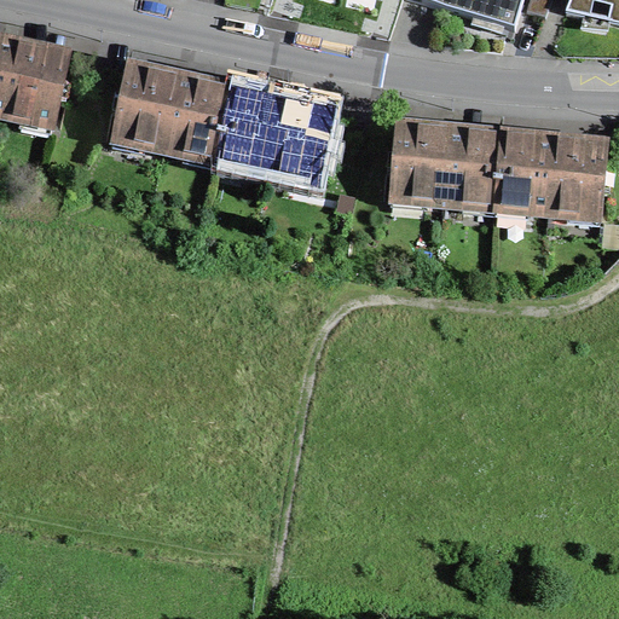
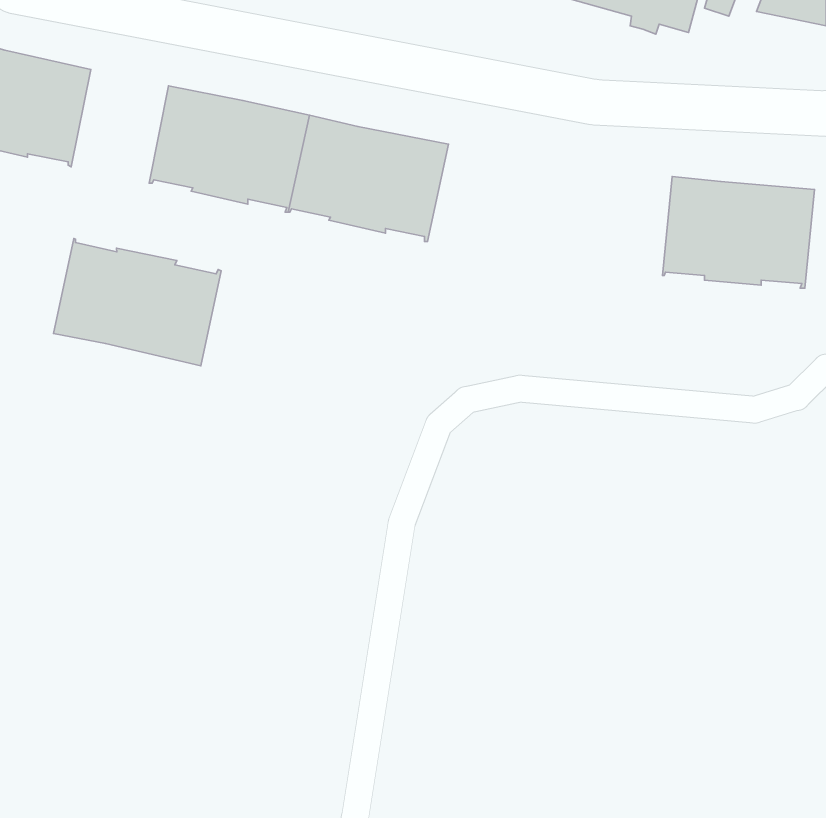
building: [388,122,502,206] -> none
building: none -> [54,238,221,366]

